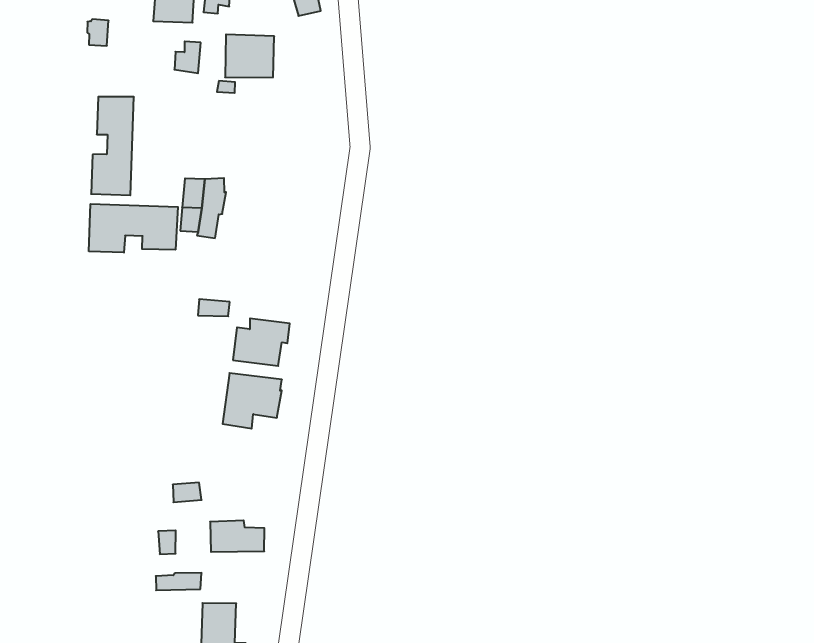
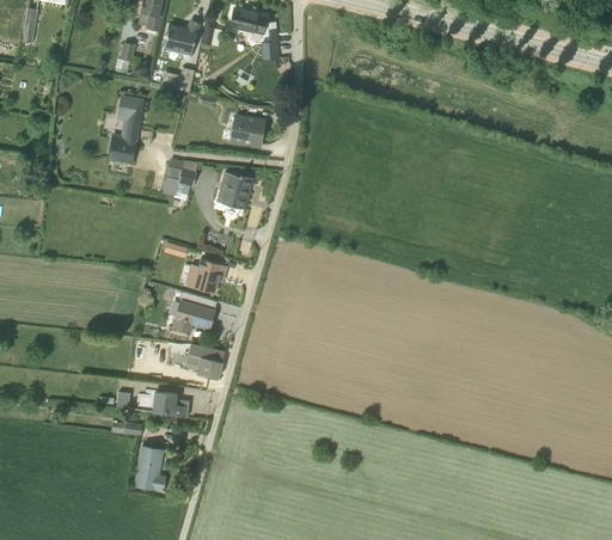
building: [225,34,274,77] -> [230,113,267,147]
building: none -> [216,172,252,210]
building: [89,204,178,253] -> none
building: none -> [159,342,225,379]

